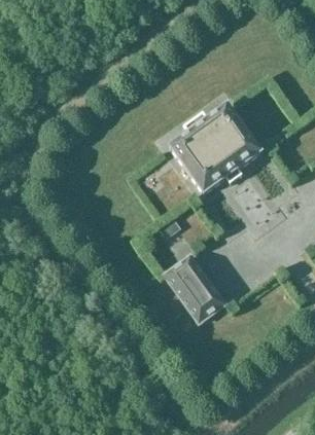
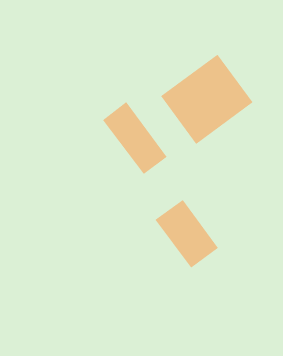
building: none -> [102,101,168,175]

